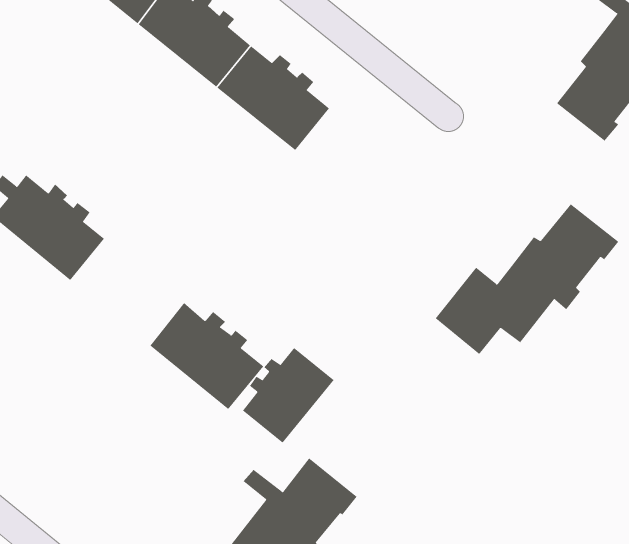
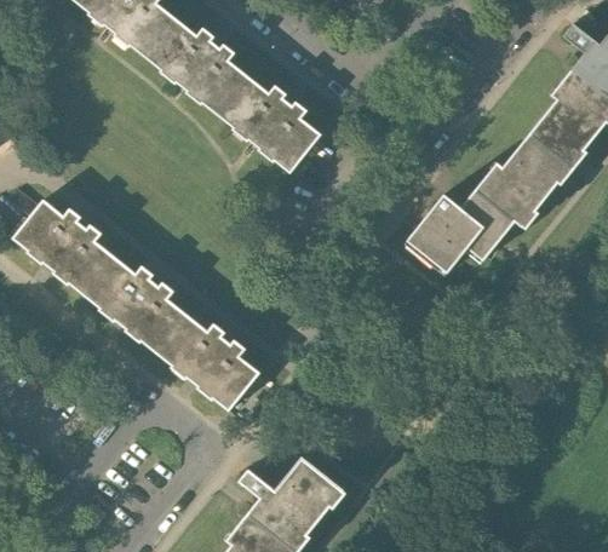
building: [435,204,619,355] -> [405,131,574,270]
building: none -> [82,255,187,353]
building: [242,347,335,443] -> none

